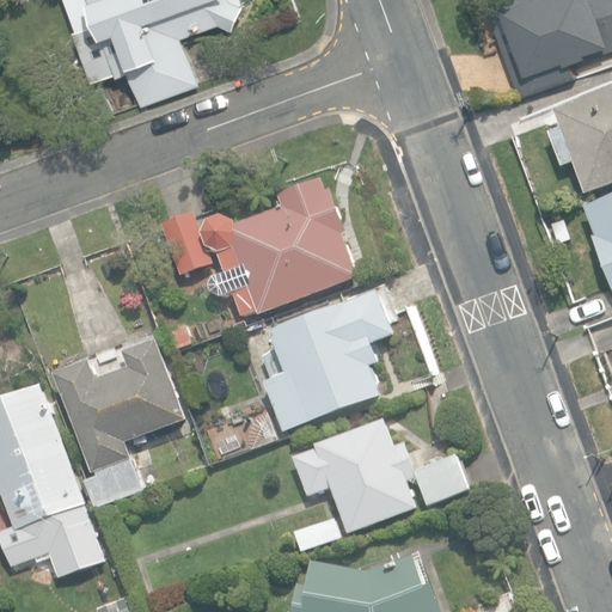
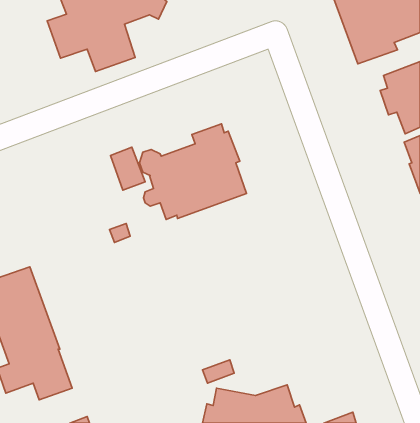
building: [261,289,396,429] -> none
building: [55,337,186,506] -> none
building: [292,417,470,532] -> none

